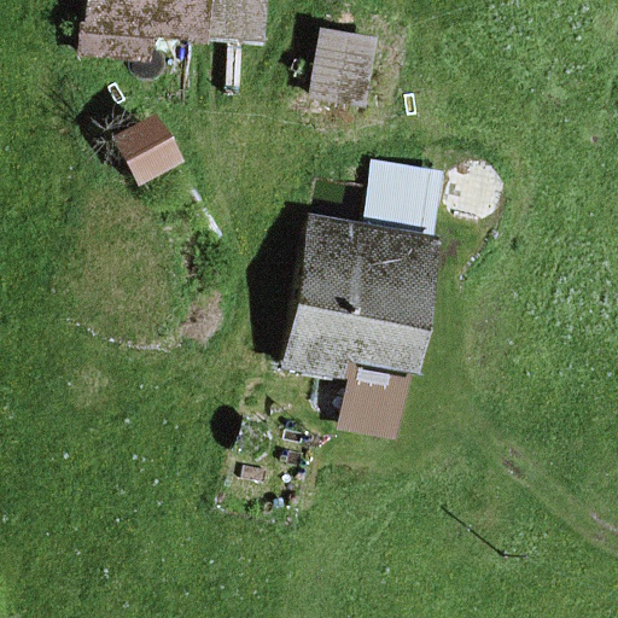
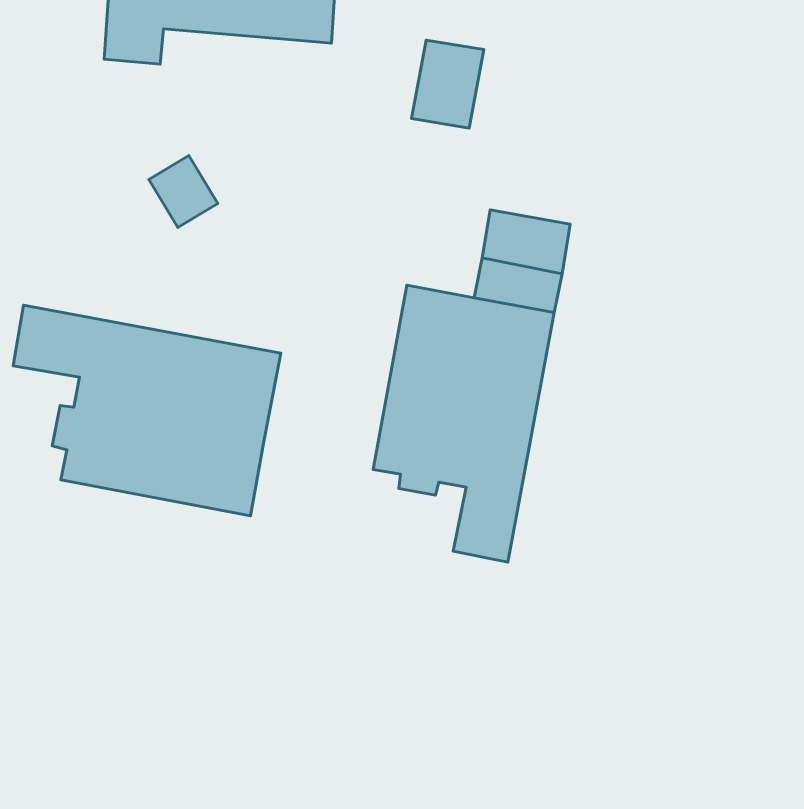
building: none -> [13,305,281,516]

